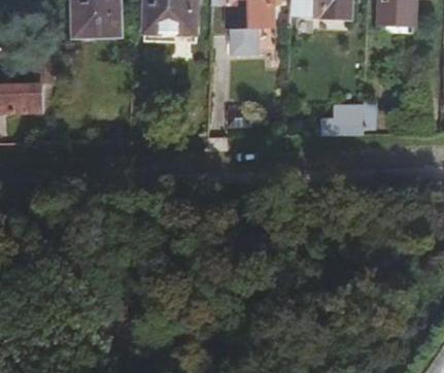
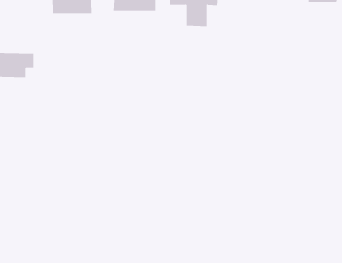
building: [320,106,363,136] -> none

